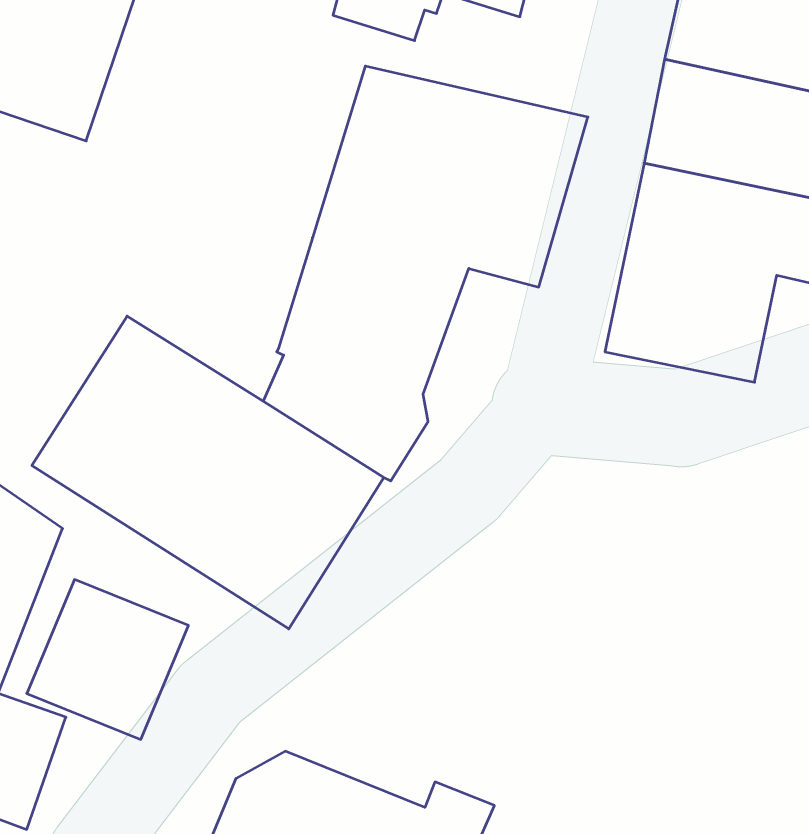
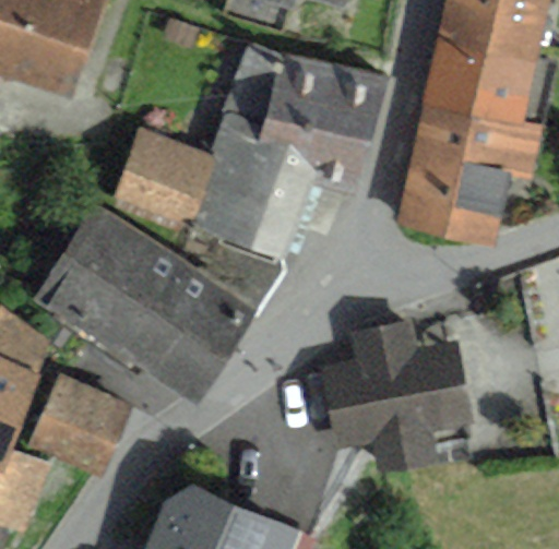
building: none -> [111,126,211,225]
building: none -> [319,322,475,474]

